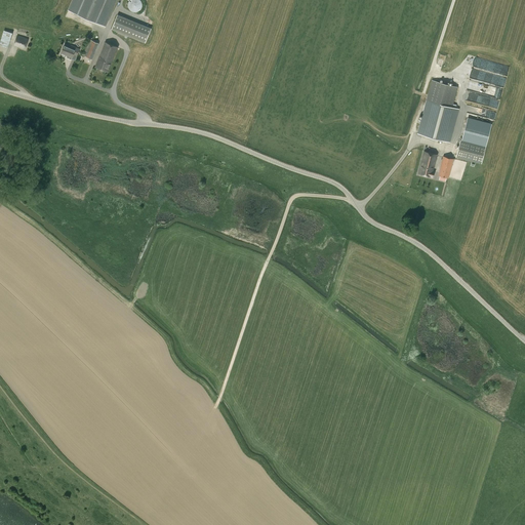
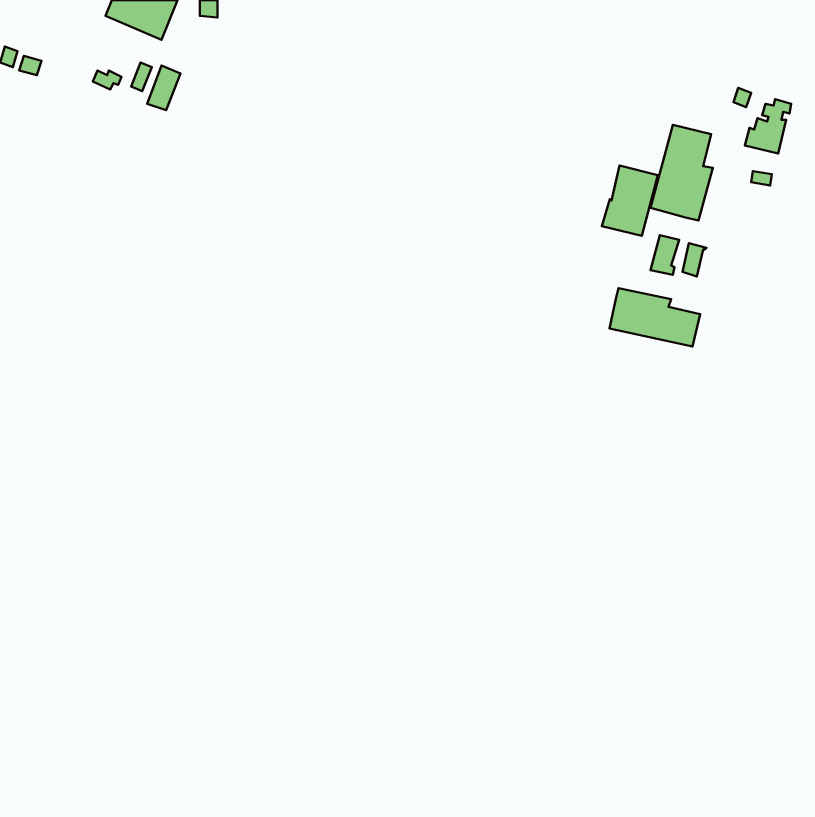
building: [112,15,151,43] -> none
building: [455,118,491,163] -> [602,165,658,236]
building: none -> [610,288,700,346]

